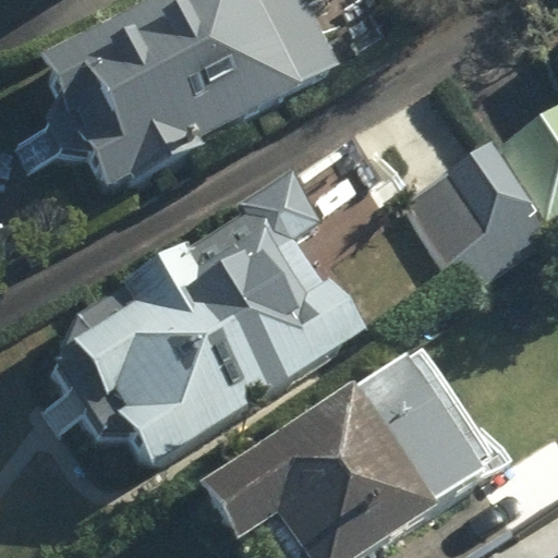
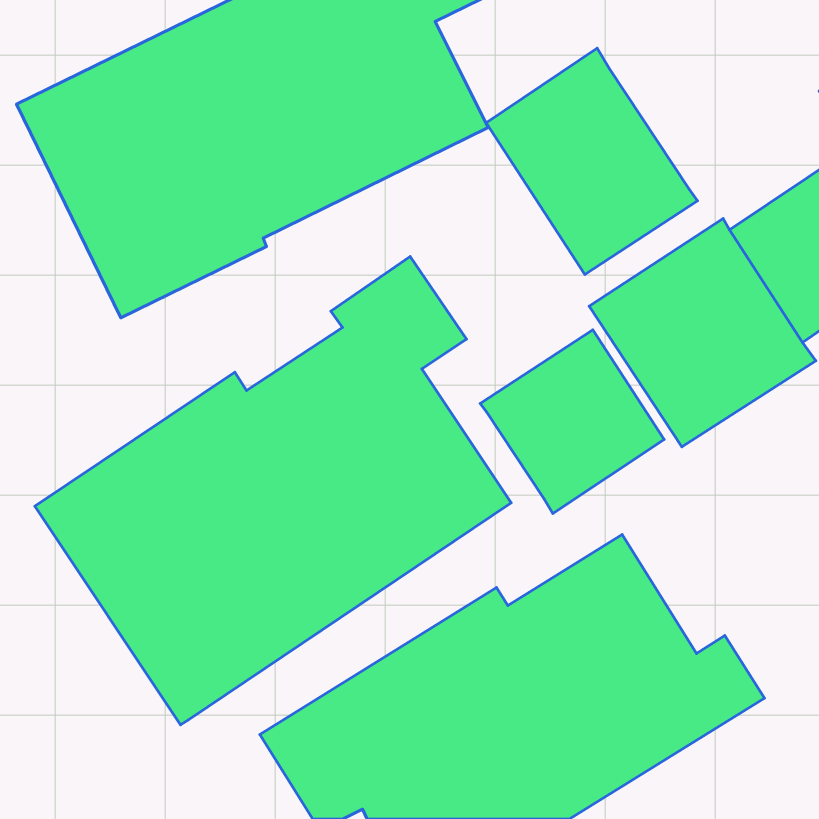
building: none -> [486,48,698,275]
building: none -> [480,330,664,514]

